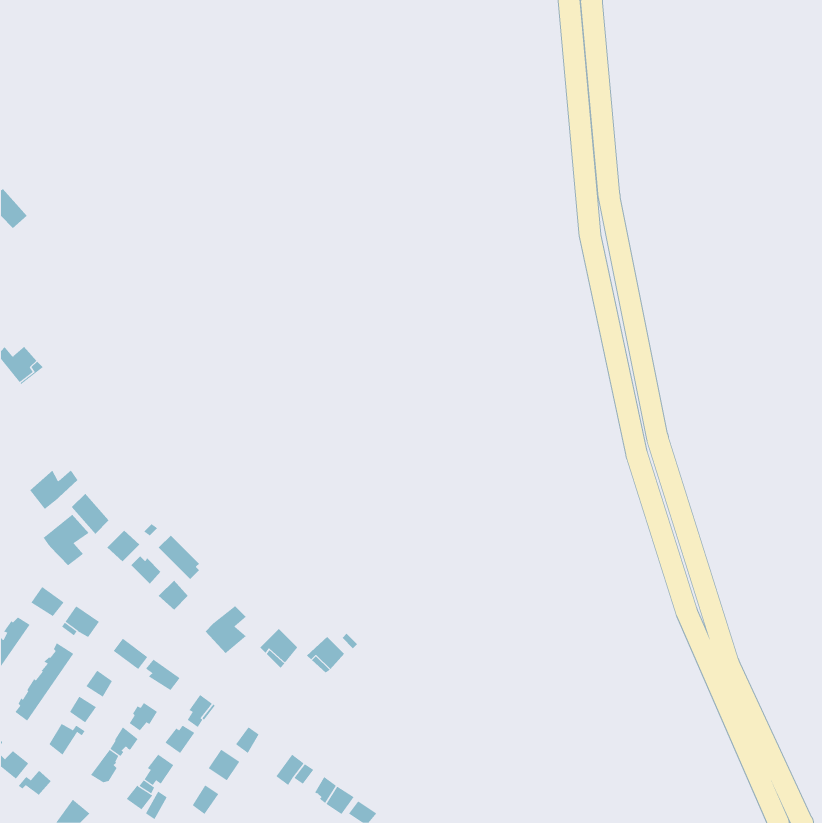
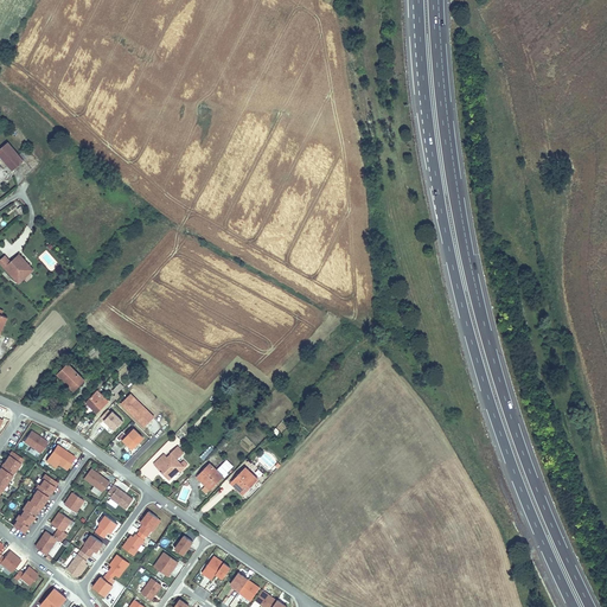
building: [29,470,78,510] -> none
building: [43,514,89,566] -> none

